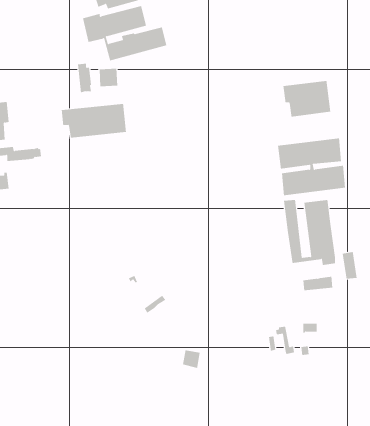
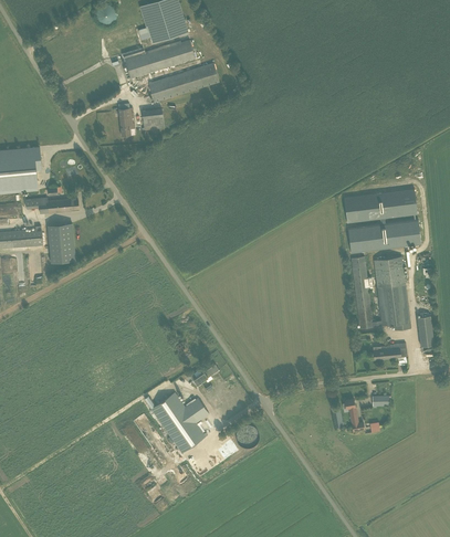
building: [283,80,331,117] -> none
building: [61,103,127,139] -> none
building: none -> [46,222,74,263]
building: none -> [149,392,208,453]

